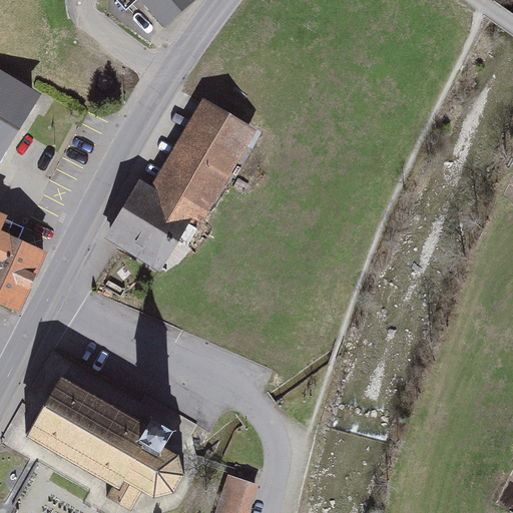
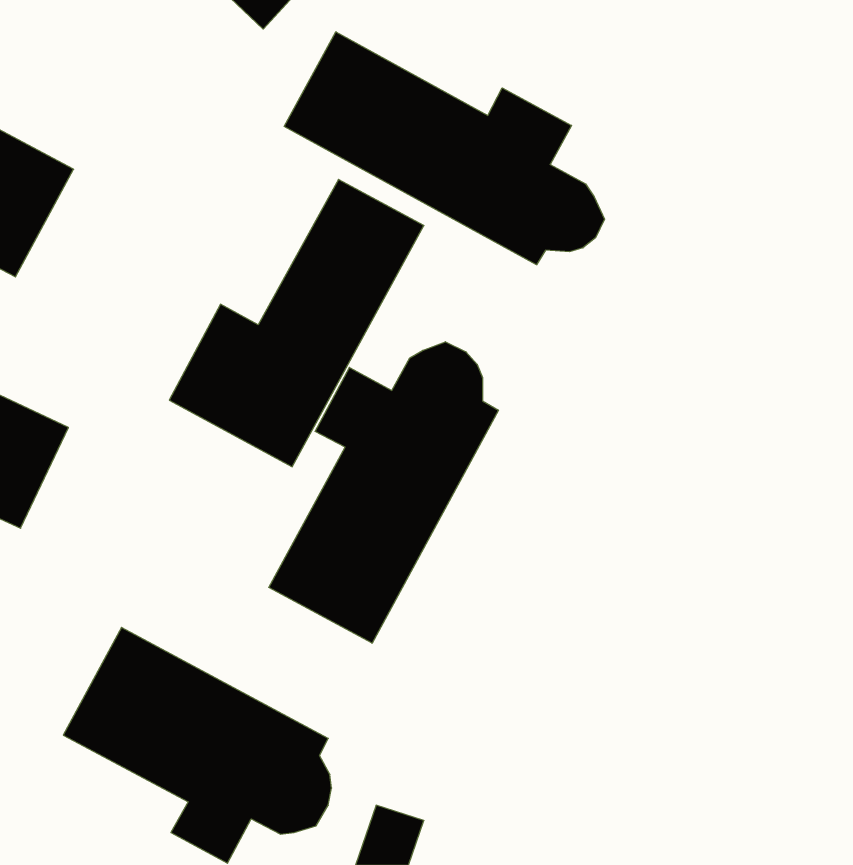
building: none -> [284,32,605,265]
building: none -> [269,342,498,643]

